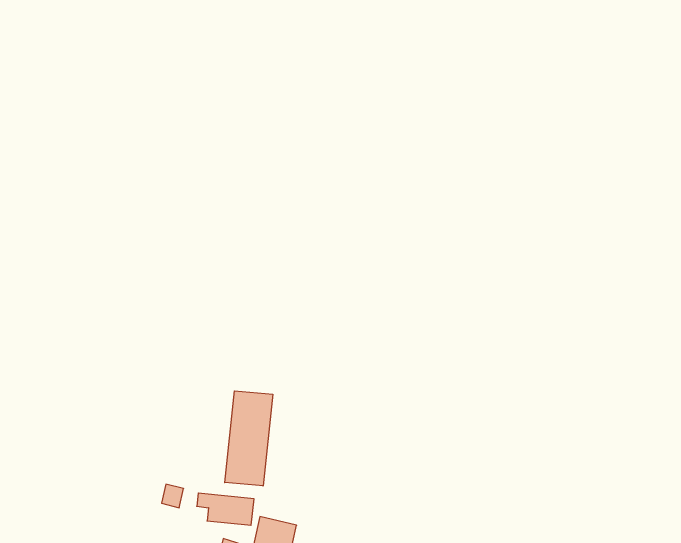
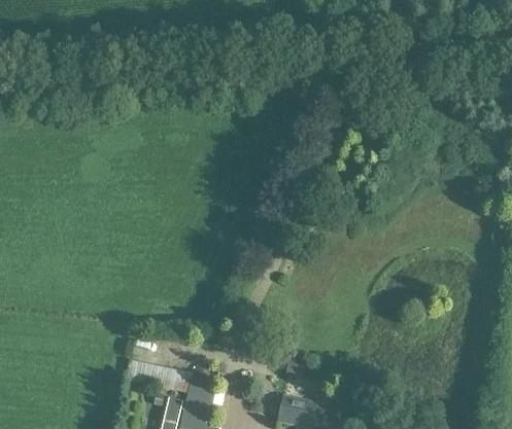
building: [225,391,273,486] -> none

